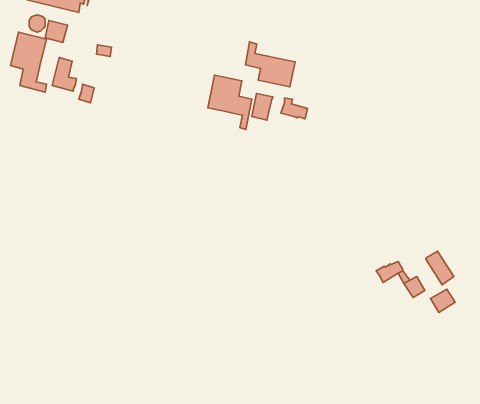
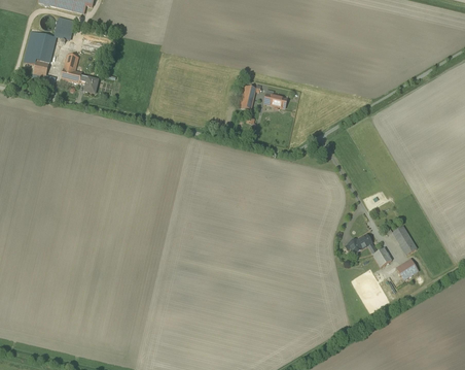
building: [245,42,295,87] -> none
building: [208,75,252,130] -> none

